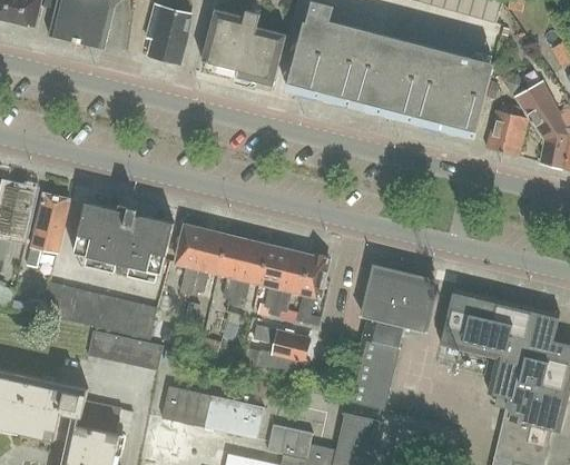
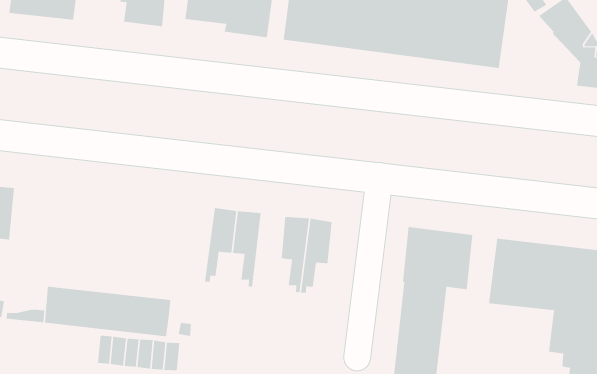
building: [484,111,528,157] -> none
building: [28,194,70,267] -> none
building: [73,202,174,274] -> none
building: [176,225,207,295] -> none
building: [233,240,268,306] -> none
building: [297,254,328,321] -> none
building: [242,326,308,374] -> none

